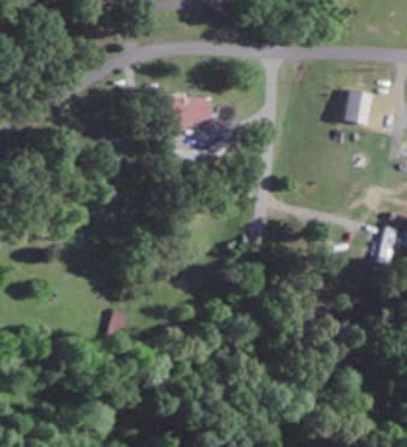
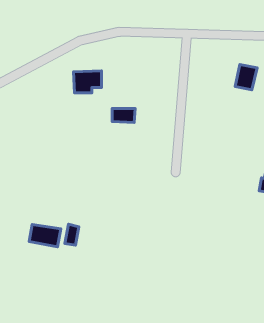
building: [166,96,205,127] -> [73,71,102,93]
building: none -> [29,224,61,247]

